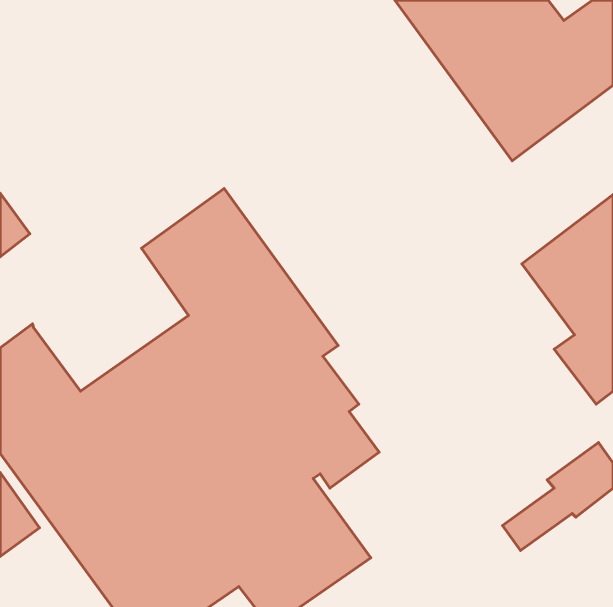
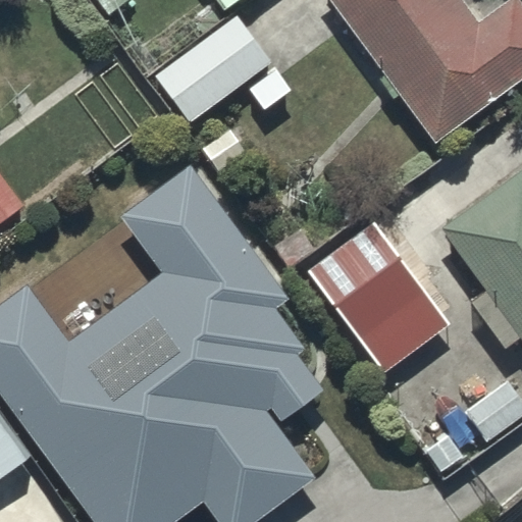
building: none -> [155,16,272,123]
building: none -> [307,210,430,329]

